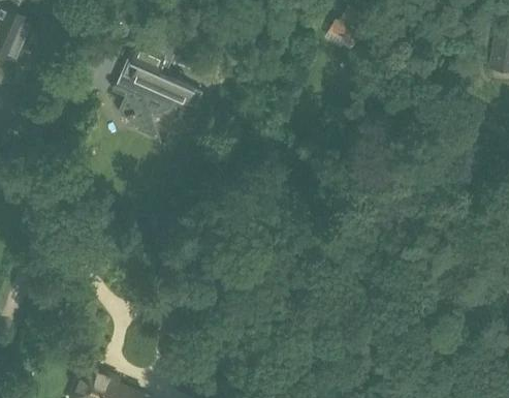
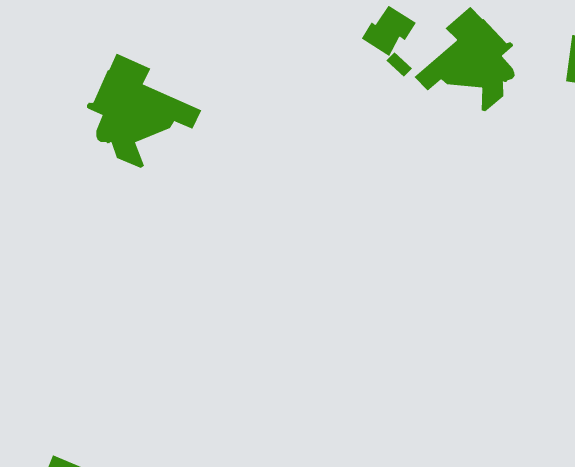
building: none -> [414,6,515,112]

